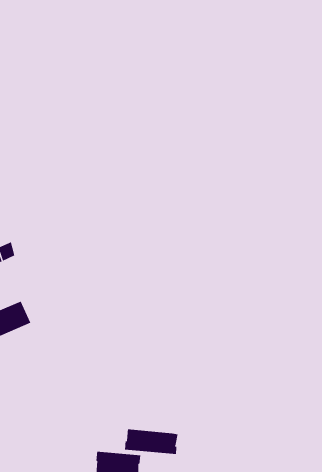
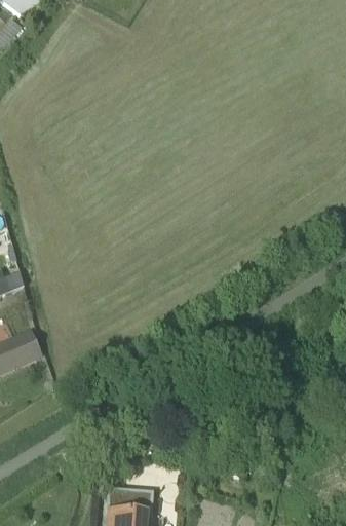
building: [124,428,178,455] -> none

